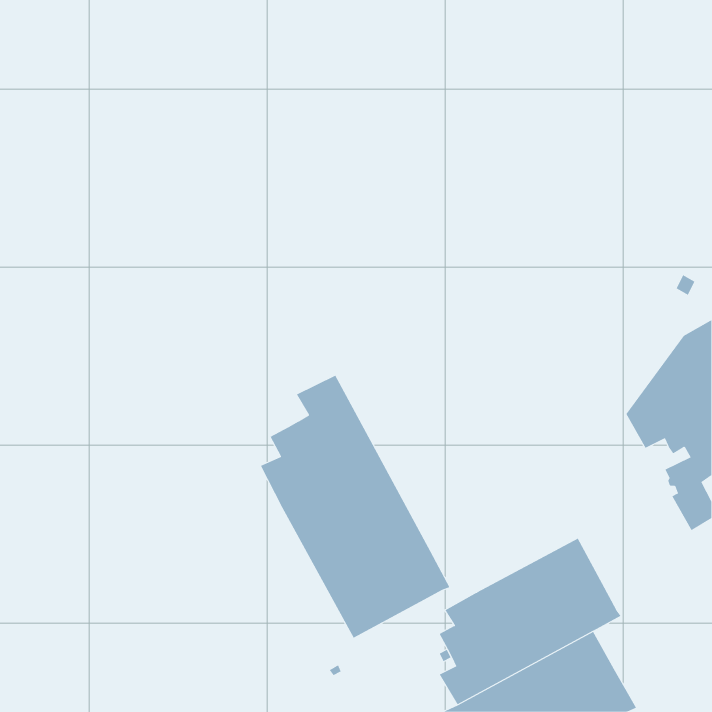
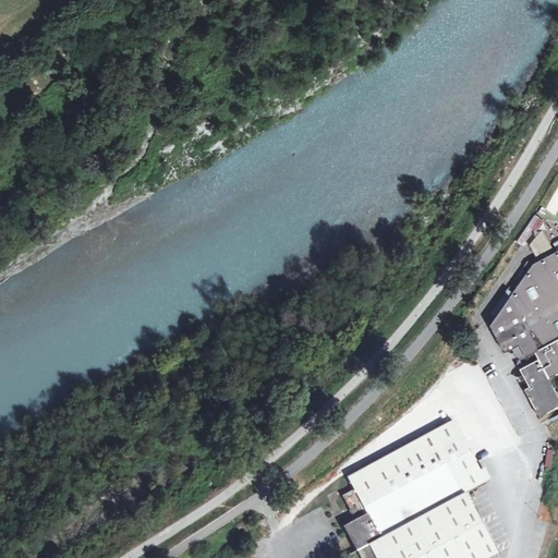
building: [260,375,450,639] -> none

